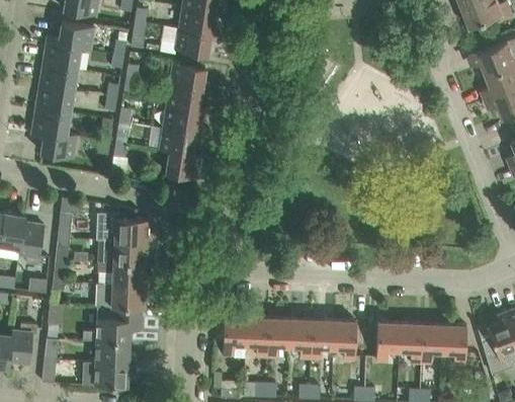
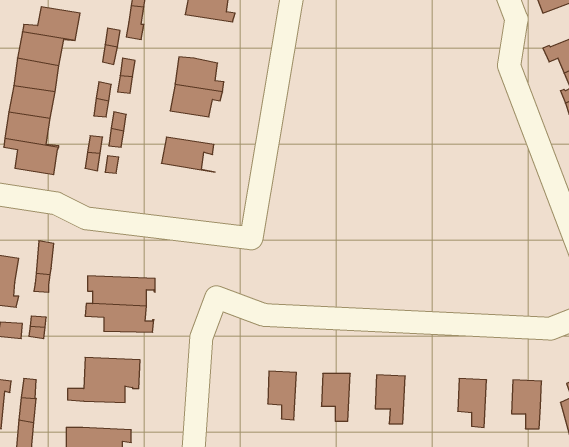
building: [175,28,217,56] -> none
building: [163,106,202,134] -> none
building: [159,149,202,178] -> none
building: [96,213,155,242] -> none
building: [95,284,152,308] -> none
building: [222,316,246,354] -> none
building: [266,318,289,356] -> none
building: [310,319,333,358] -> none
building: [375,322,400,360] -> none
building: [420,324,443,363] -> none
building: [95,341,136,365] -> none

